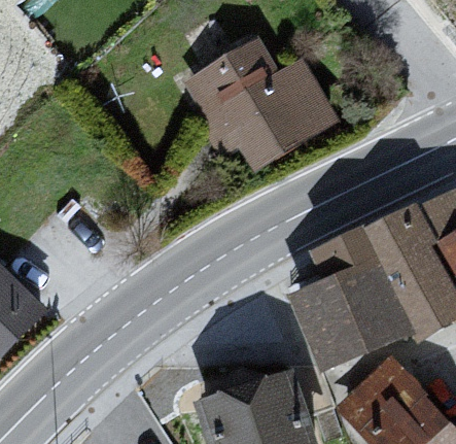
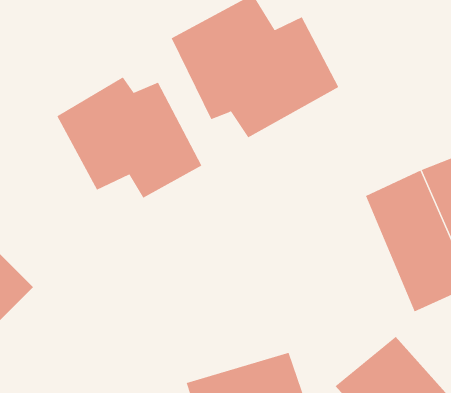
building: none -> [57,77,202,199]
building: [286,225,411,371] -> none

